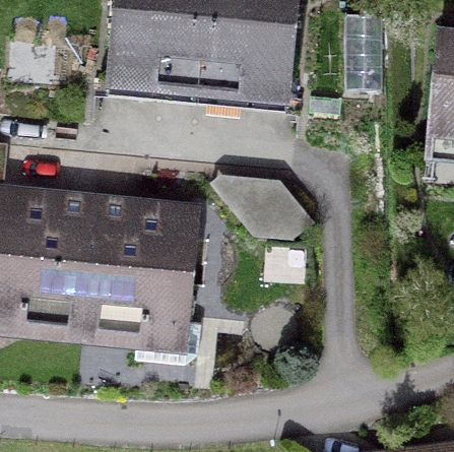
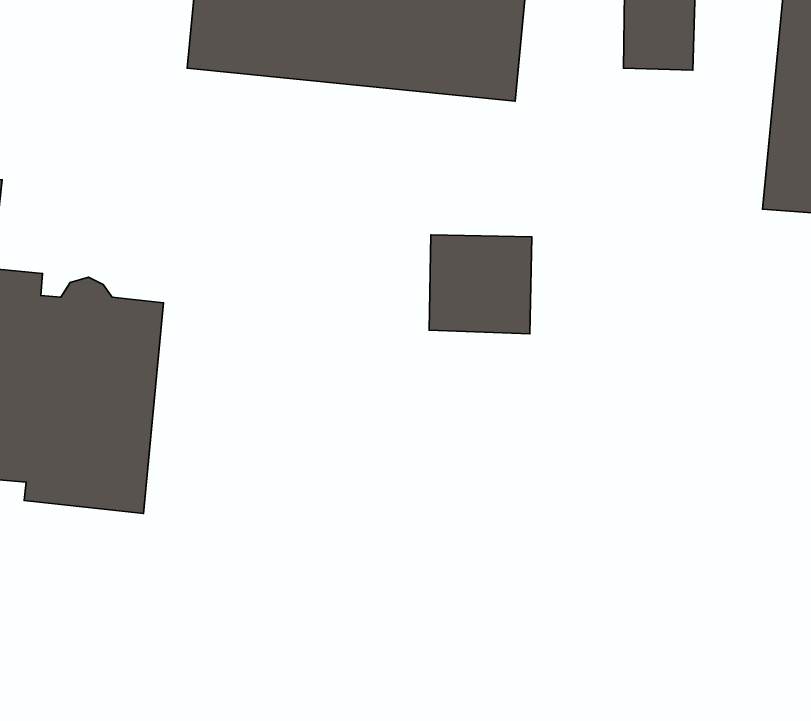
building: [82,201,200,360] -> none

